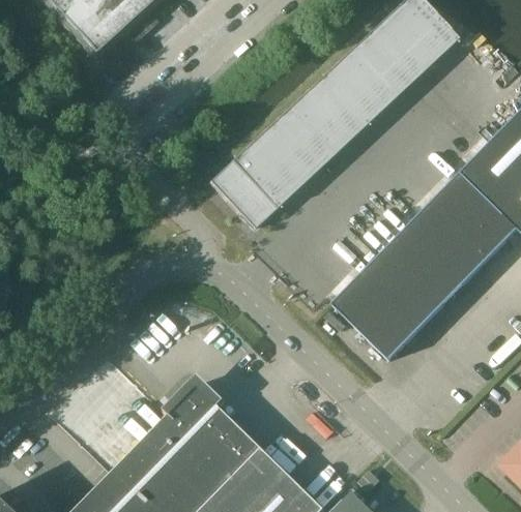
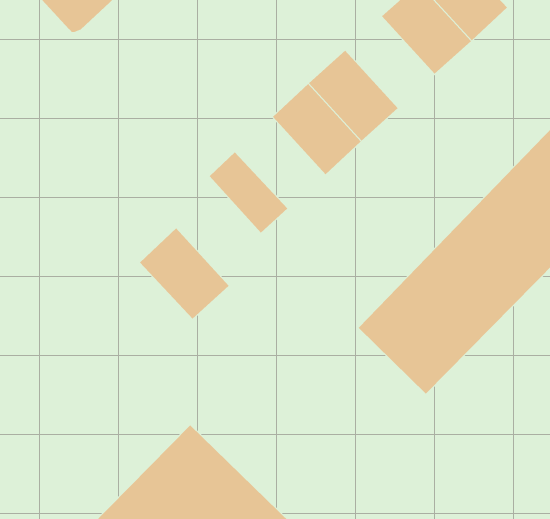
building: [323,46,398,122] -> none
building: [231,129,307,206] -> [139,228,230,319]

